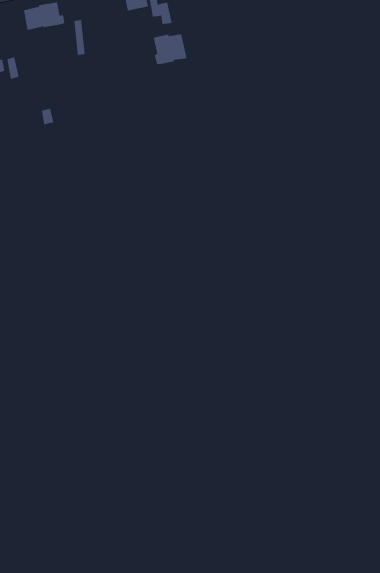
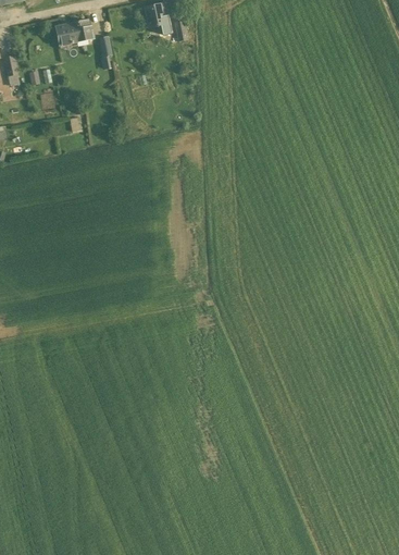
building: [153,34,187,65] -> none

